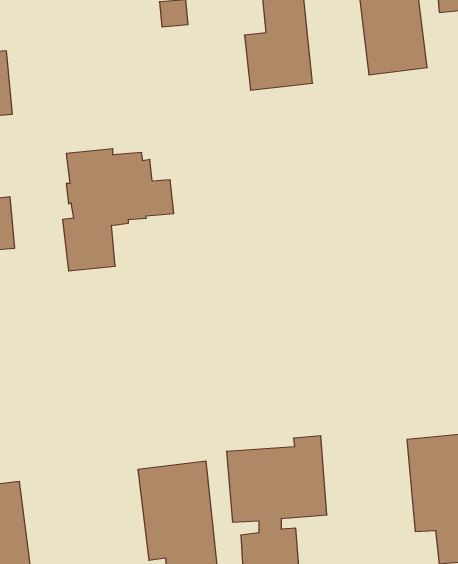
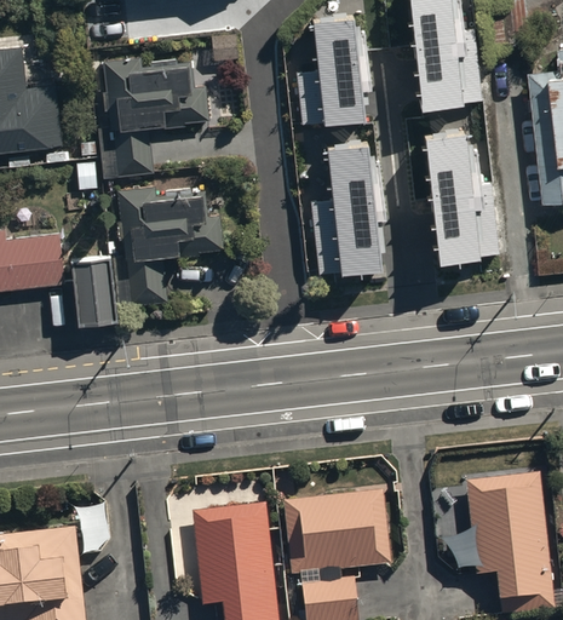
building: none -> [99,56,213,180]
building: none -> [426,131,501,265]
building: none -> [314,144,384,276]
building: none -> [73,262,116,332]

